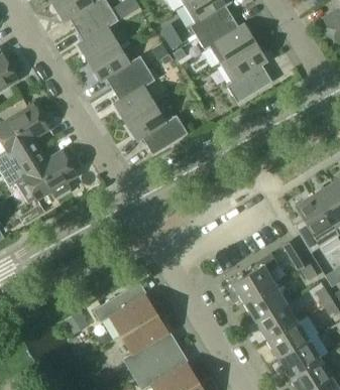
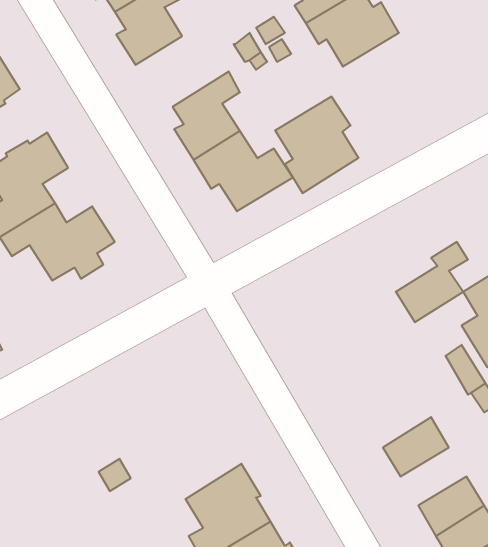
building: [220,43,272,104] -> [275,97,359,193]
building: [90,45,148,90] -> none
building: [233,253,278,303] -> [396,242,468,322]
building: [93,285,156,336] -> none
building: [256,303,298,340] -> none

